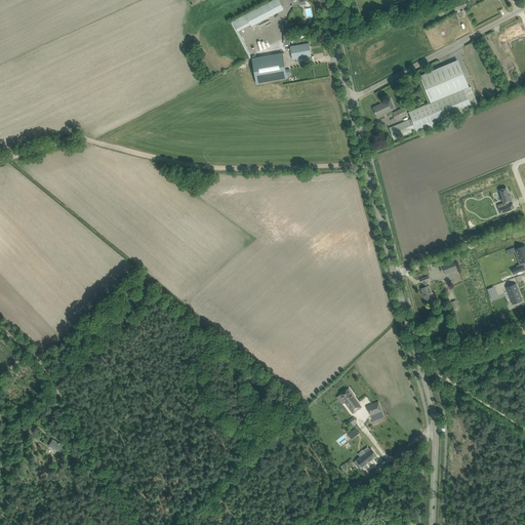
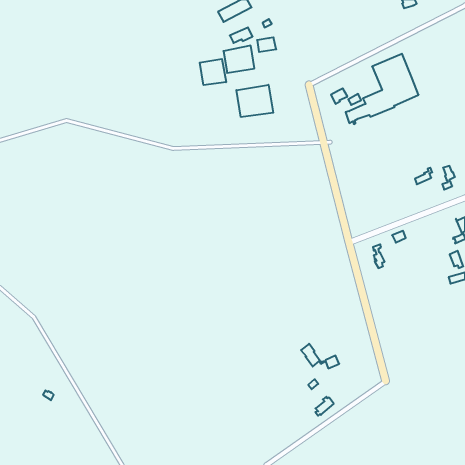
building: none -> [200,59,226,85]
building: none -> [236,85,273,117]

